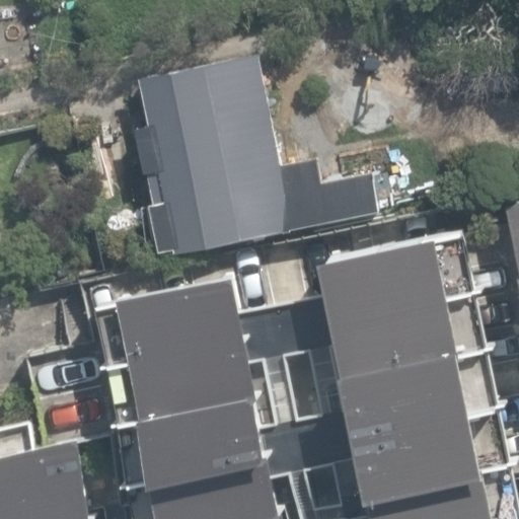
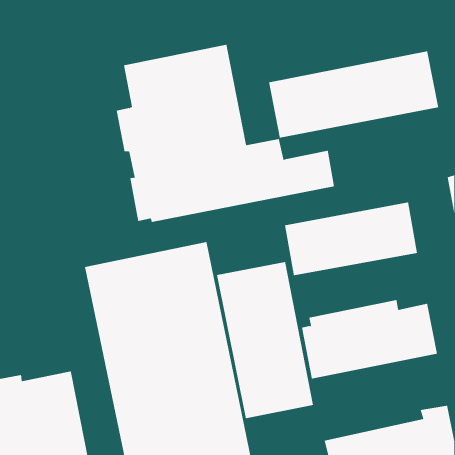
building: none -> [269,51,439,138]
building: [328,292,479,375] -> none
building: [349,404,502,502] -> none

